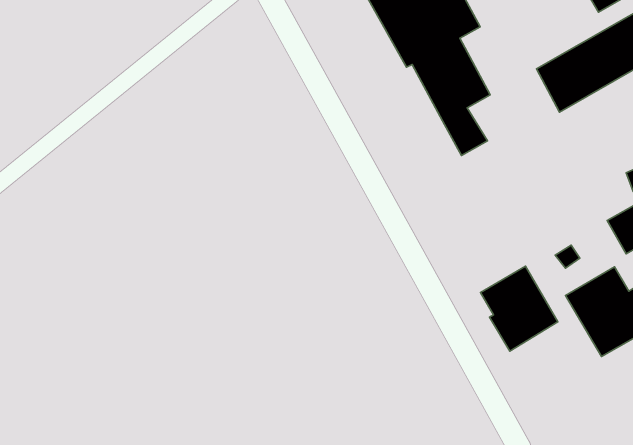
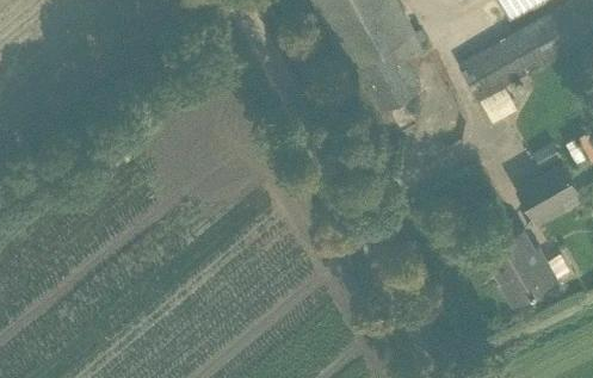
building: [480,266,558,351] -> none

